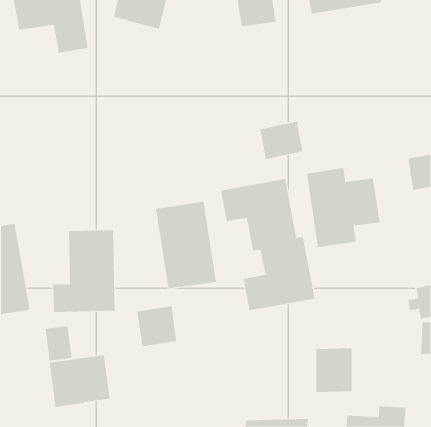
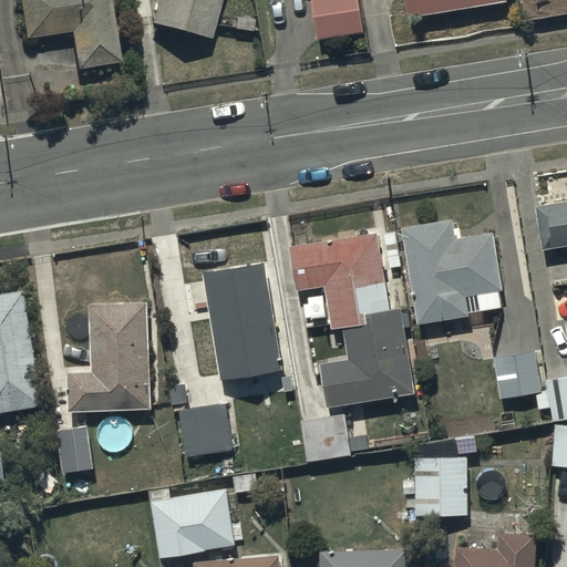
building: [260,121,303,160] -> none
building: none -> [492,350,542,398]
building: [49,355,111,407] -> [154,488,235,557]

